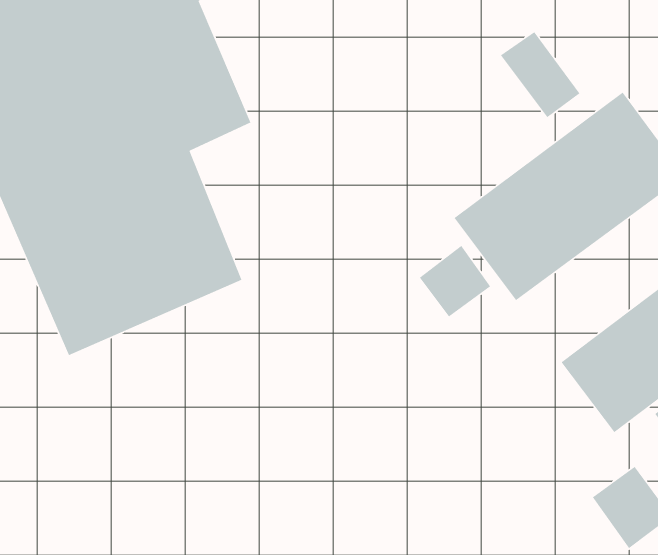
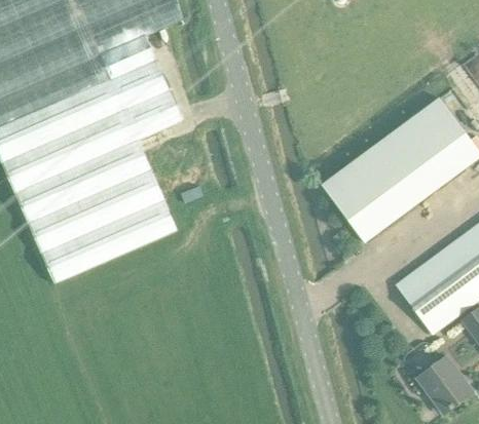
building: [500,31,580,118] -> none
building: [419,245,491,318] -> none

